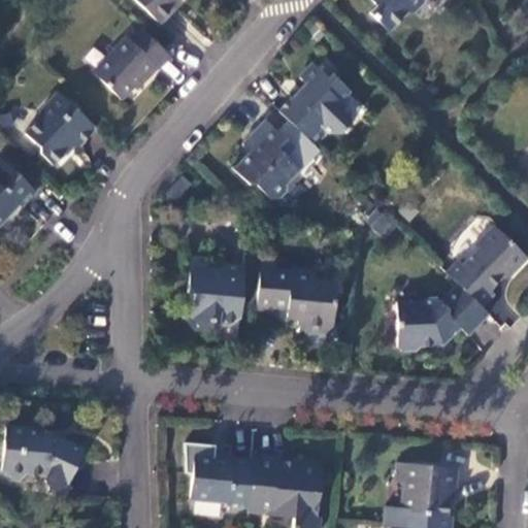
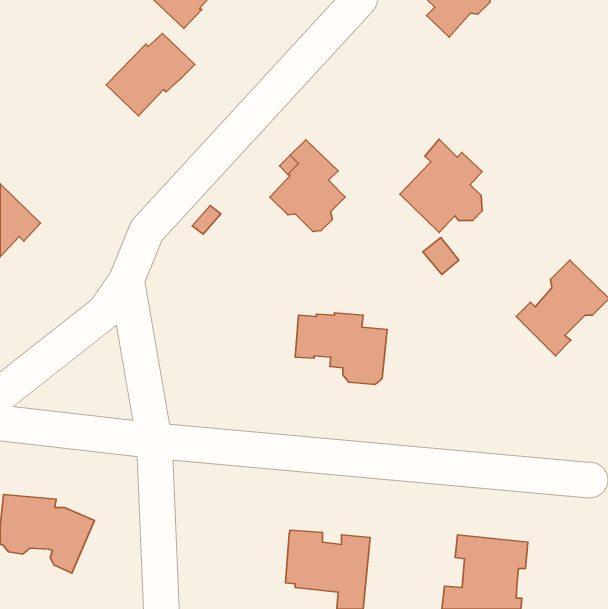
building: [279,64,351,144] -> [400,139,482,232]
building: [25,93,96,166] -> none
building: [188,264,245,329] -> none
building: [399,285,490,349] -> none
building: [185,442,252,507] -> none

